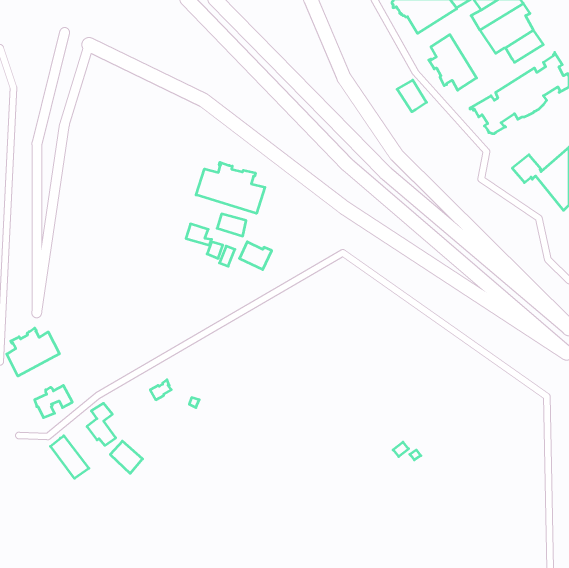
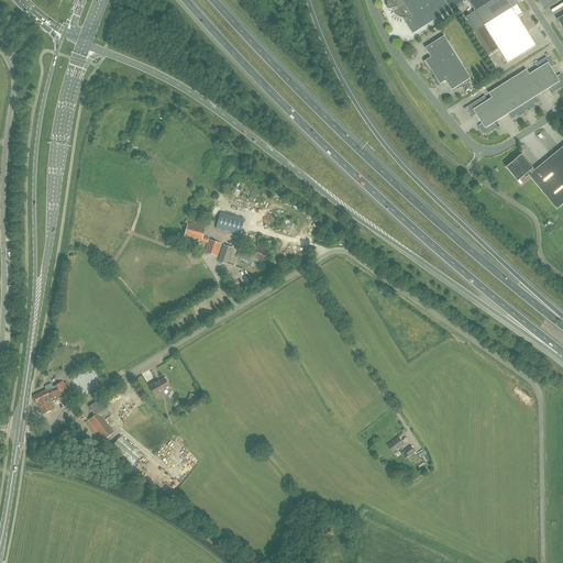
building: [397,80,427,112] -> none
building: [196,162,265,213] -> none
building: [7,328,59,376] -> none
building: [50,436,89,478] -> none

